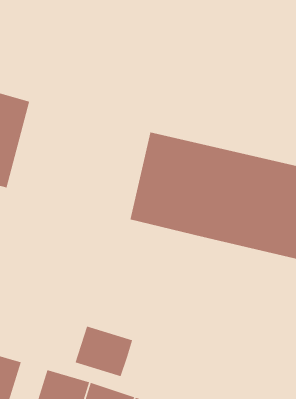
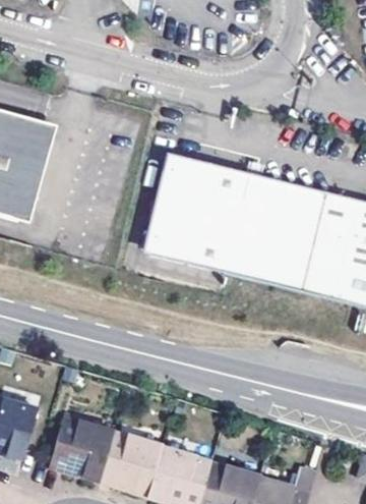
building: [75,326,133,377] -> none

